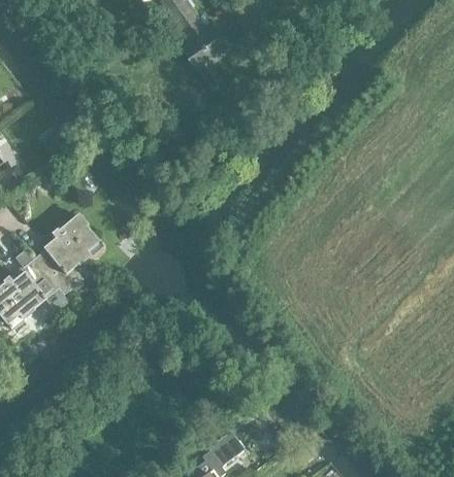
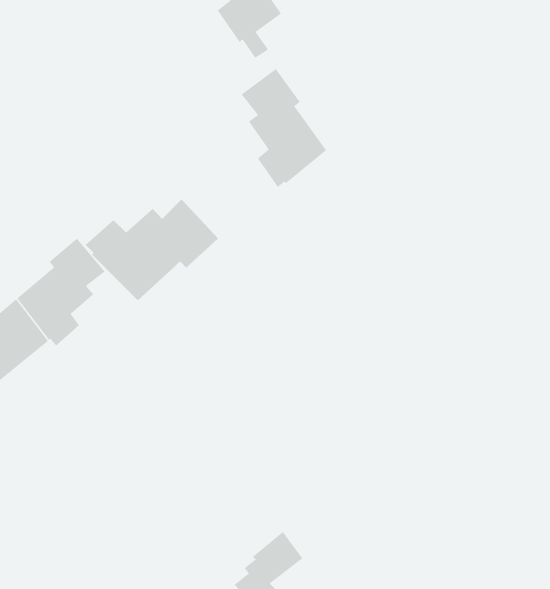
building: none -> [241,68,327,188]
building: none -> [85,198,219,301]

